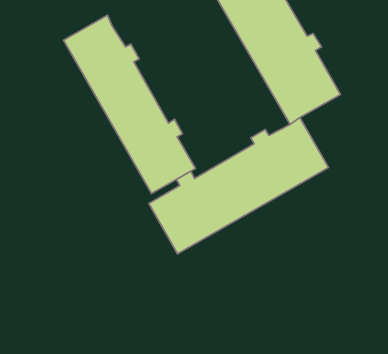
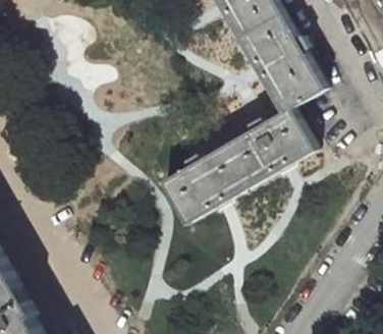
building: [64,15,195,194] -> none

